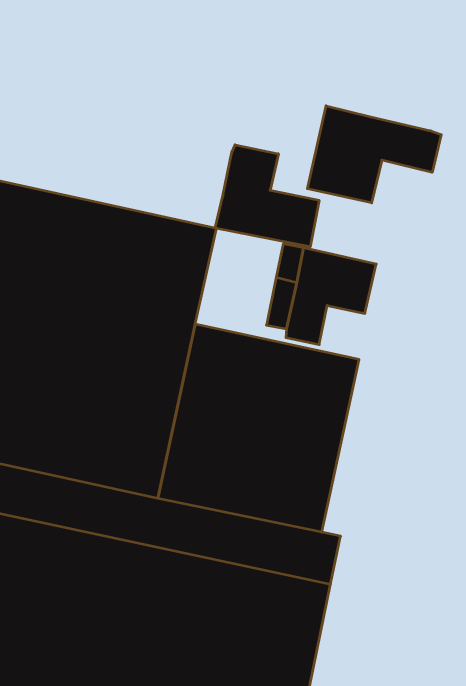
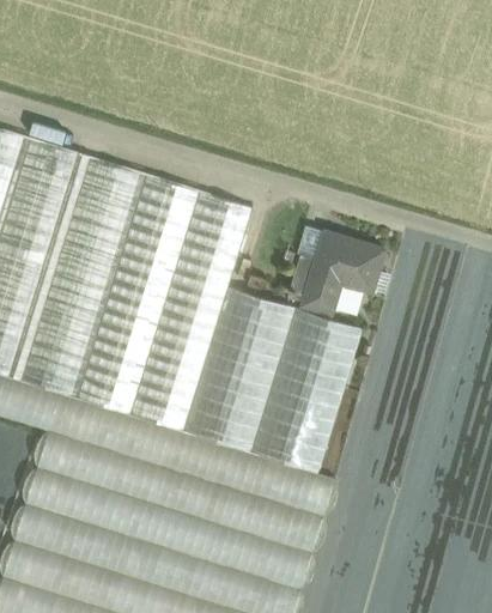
building: [307,106,441,203] -> none
building: [215,145,319,247] -> none

